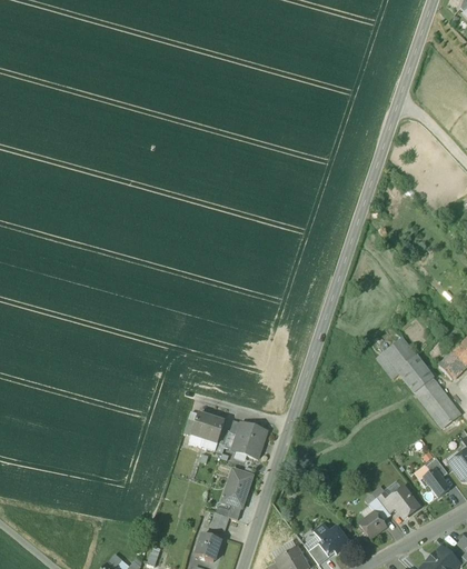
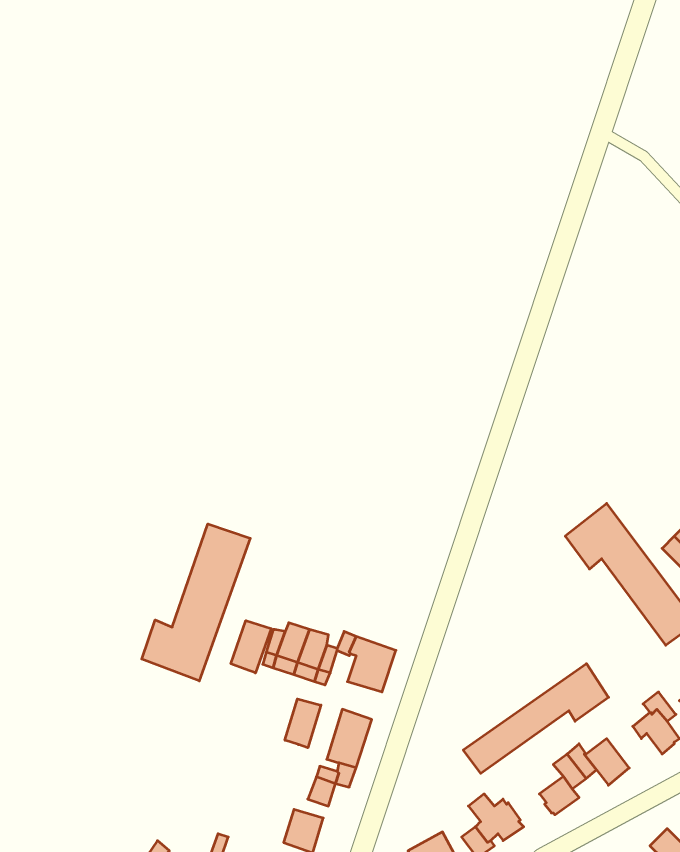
building: none -> [142,524,250,681]
building: none -> [231,621,271,673]
building: none -> [463,664,609,773]
building: none -> [285,699,321,748]

